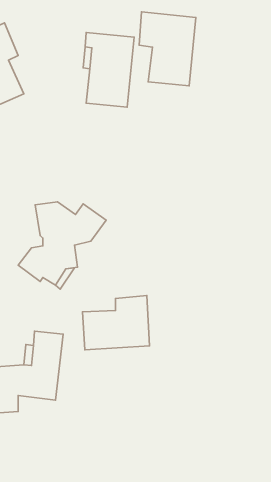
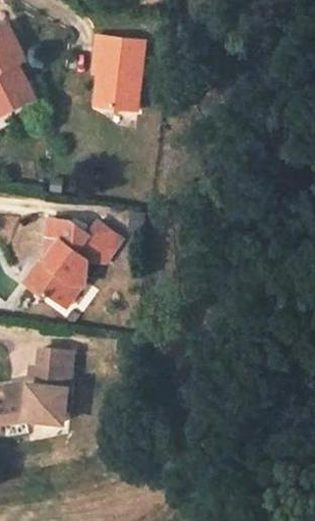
building: [139,12,196,86] -> none
building: [82,296,150,350] -> none

